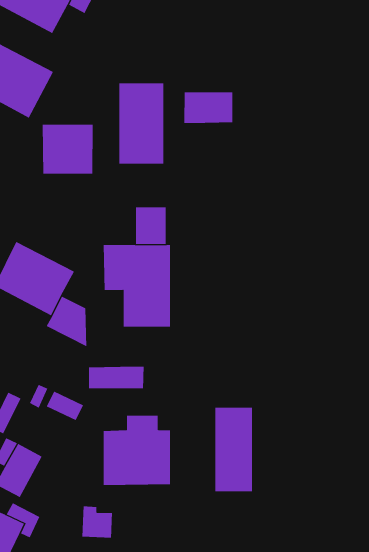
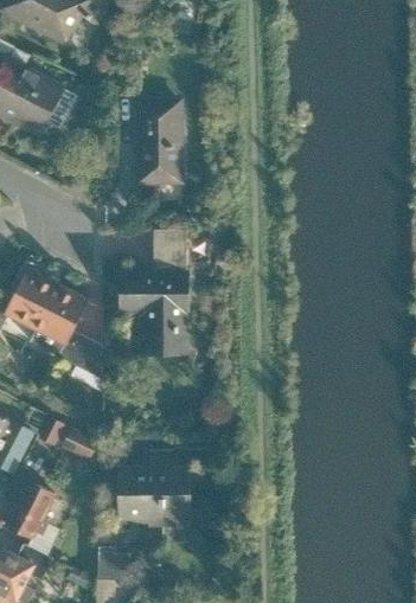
building: [184,91,233,124] -> none
building: [42,124,93,175] -> none
building: [88,366,144,389] -> none
building: [215,407,252,492] -> none

